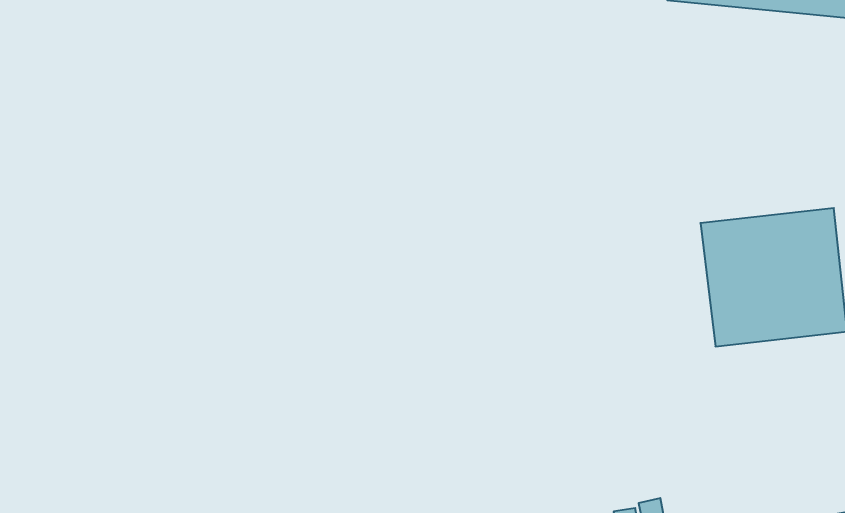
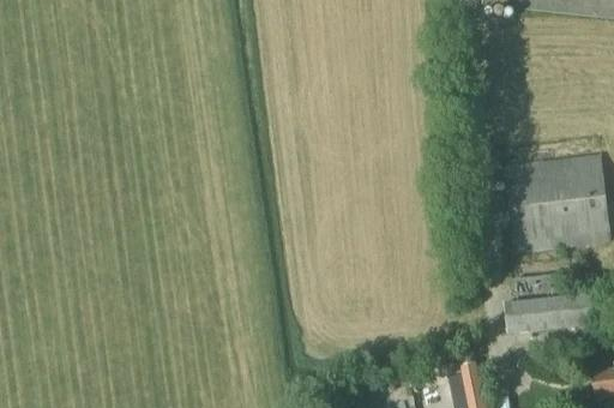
building: none -> [504,290,597,332]

